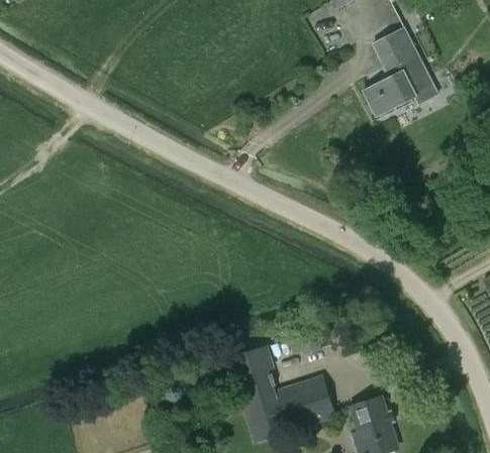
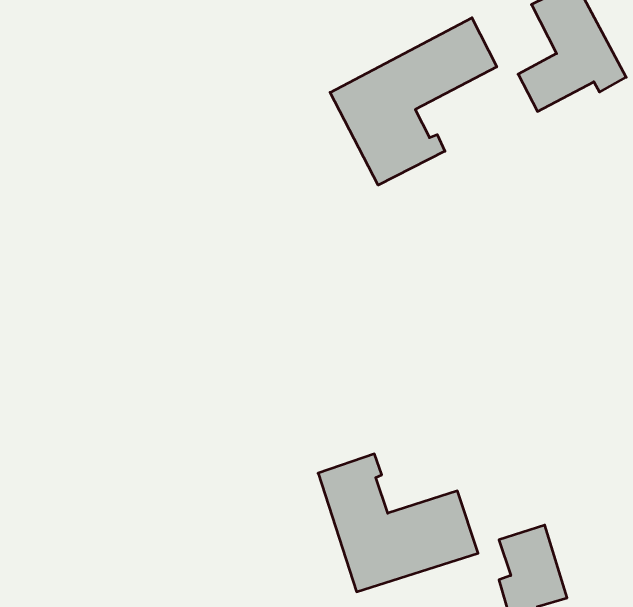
building: none -> [330,18,497,185]

